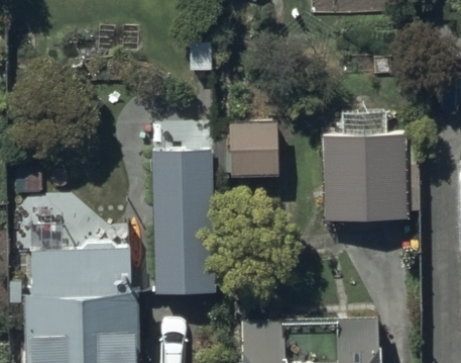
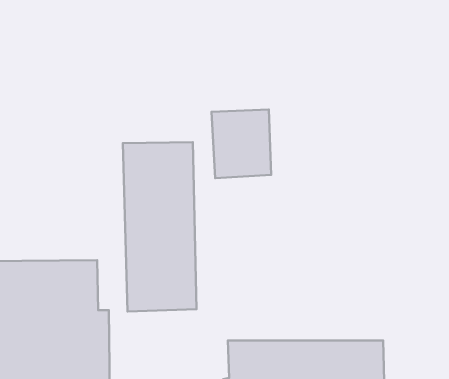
building: [322,109,421,222] -> none

